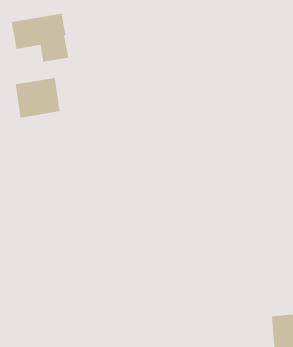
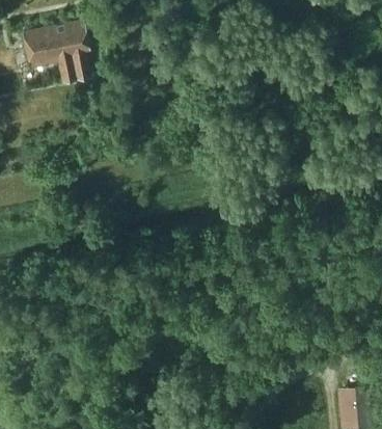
building: [15,77,60,118] -> none

